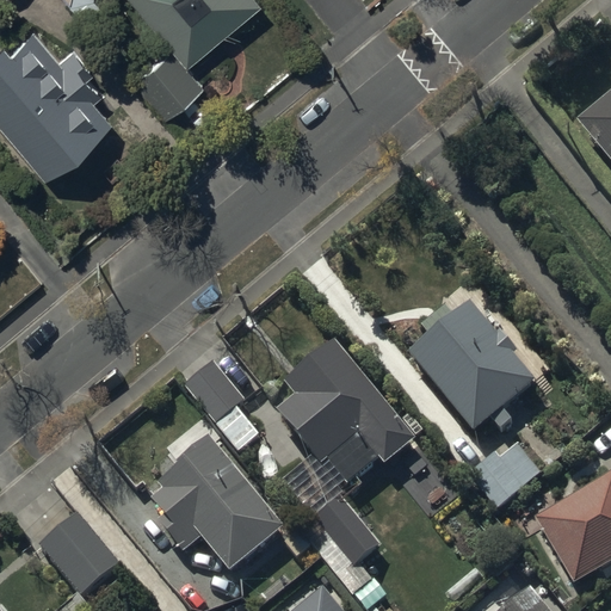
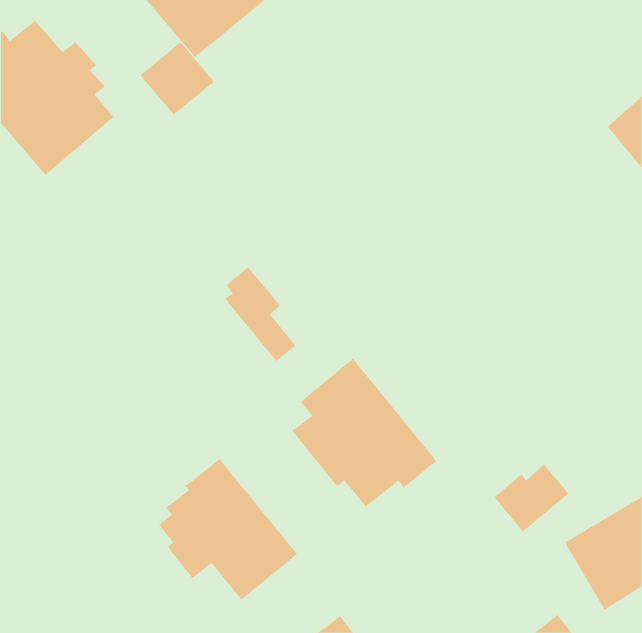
building: [408,302,535,431] -> none
building: [190,359,258,450] -> [224,266,296,362]
building: [313,494,379,564] -> none
building: [38,511,119,593] -> none

